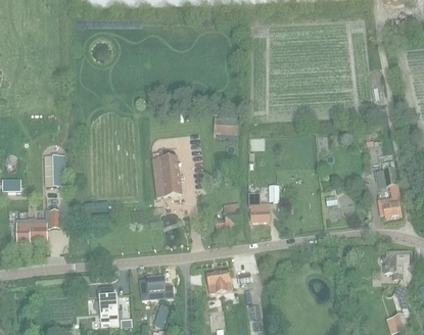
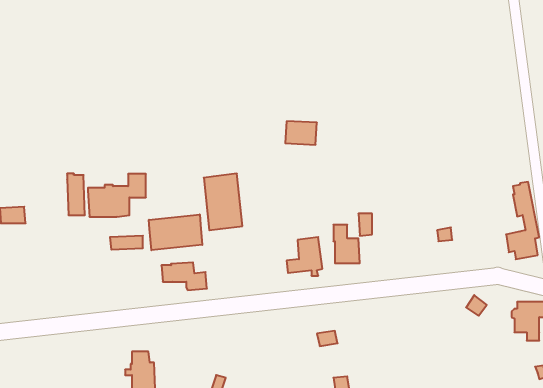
building: none -> [149,214,202,250]
building: [16,210,59,242] -> [88,174,146,217]
building: [205,270,231,292] -> none
building: [140,277,174,297] -> [161,262,207,290]

